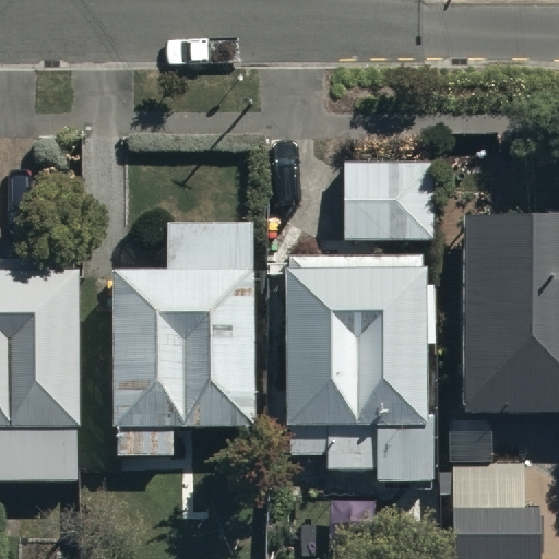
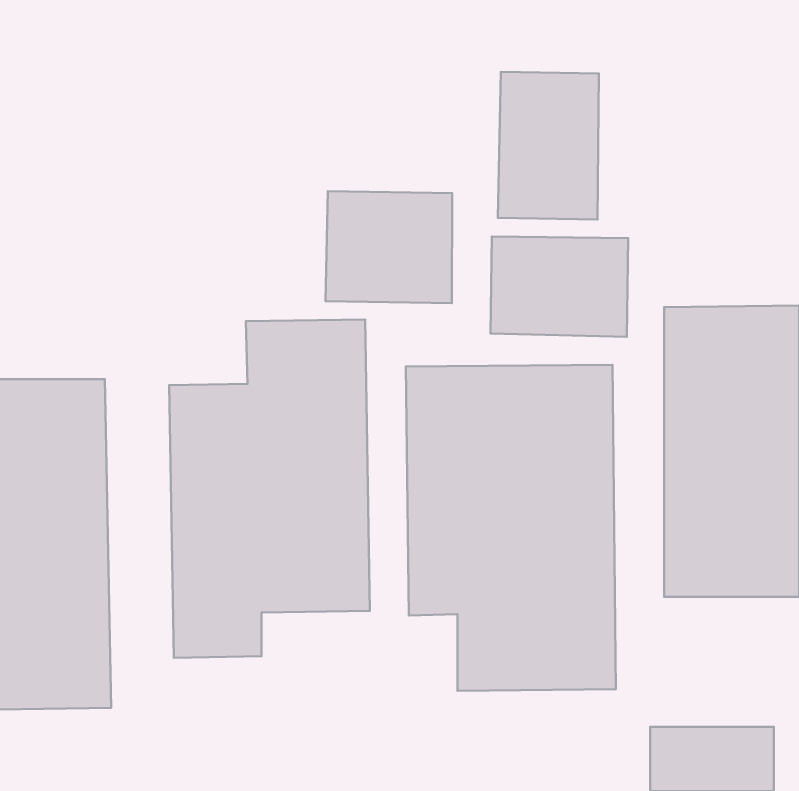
building: none -> [498,72,599,219]
building: none -> [325,191,452,303]

